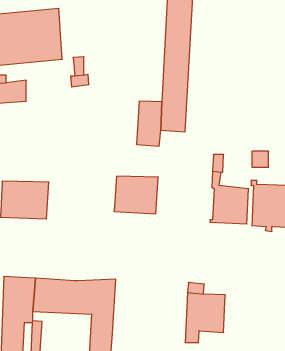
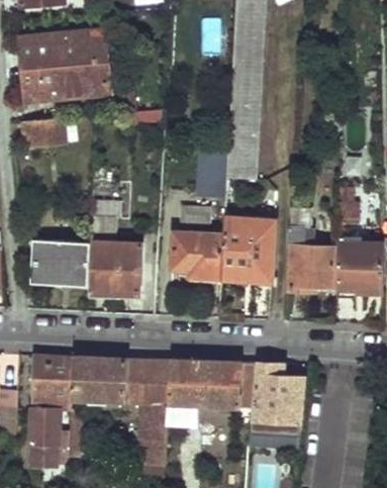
building: none -> [88,186,140,294]
building: none -> [220,219,274,283]
building: none -> [168,359,255,427]

